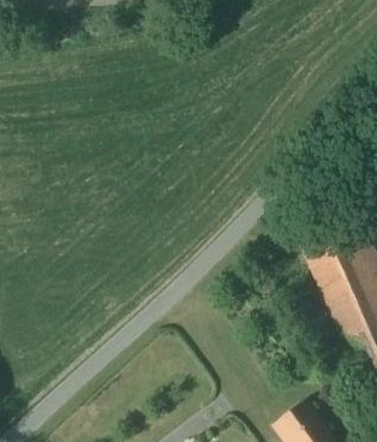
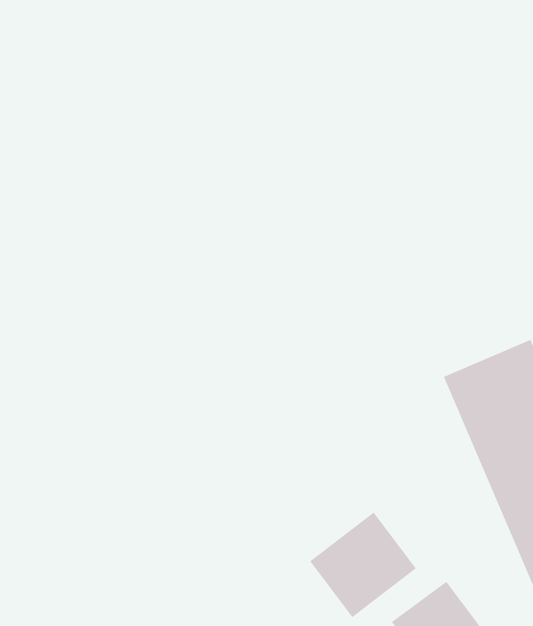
building: none -> [309,512,417,618]

